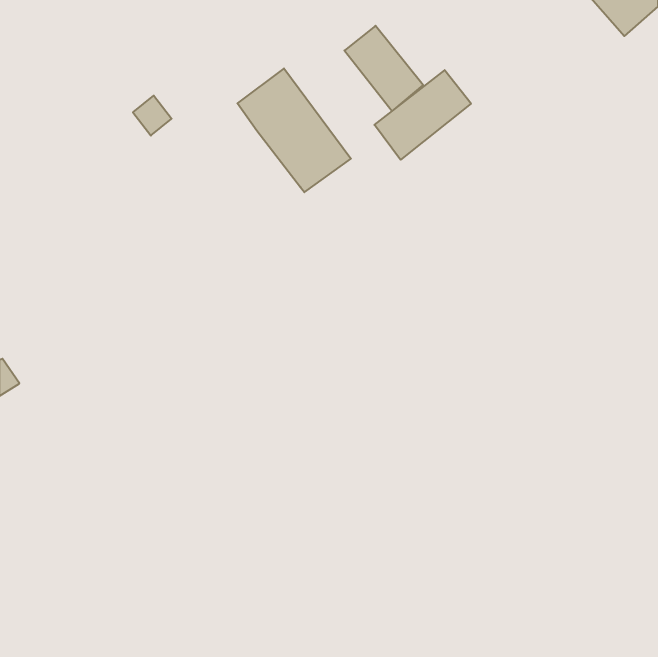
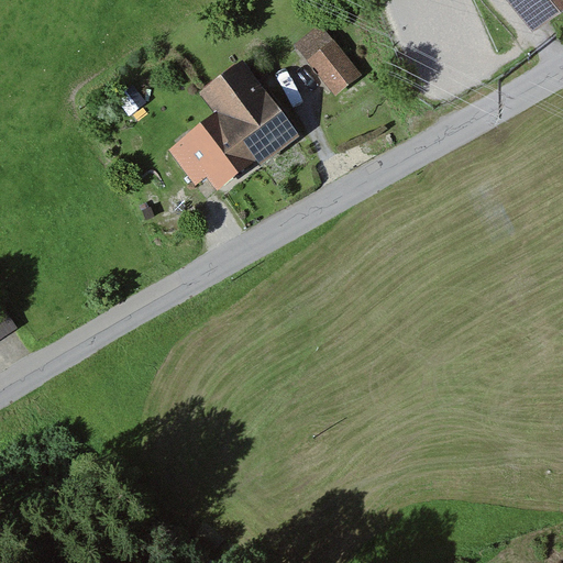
building: [374,70,471,160] -> none
building: none -> [168,111,256,189]

